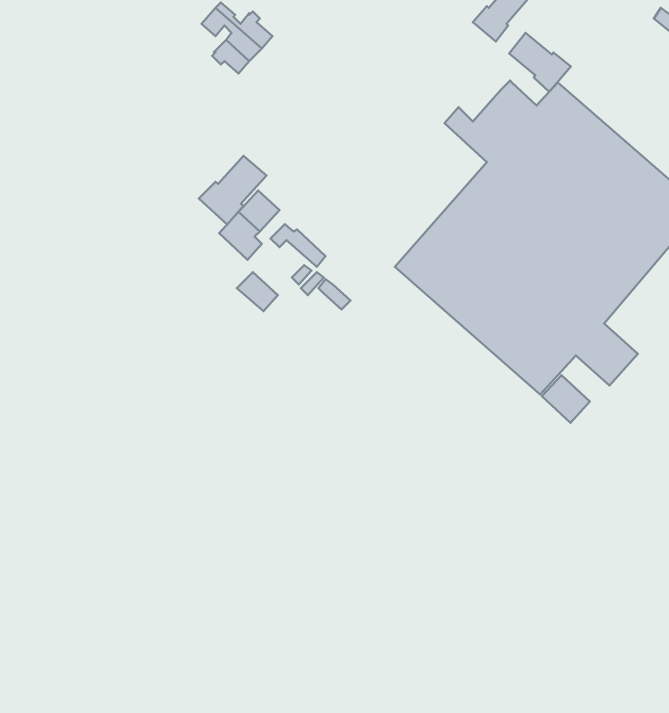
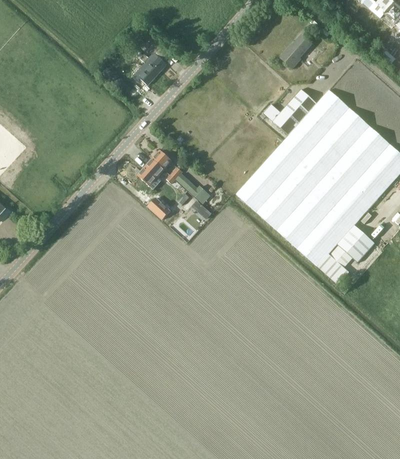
building: [509,33,571,92] -> none
building: [199,156,266,224] -> none

